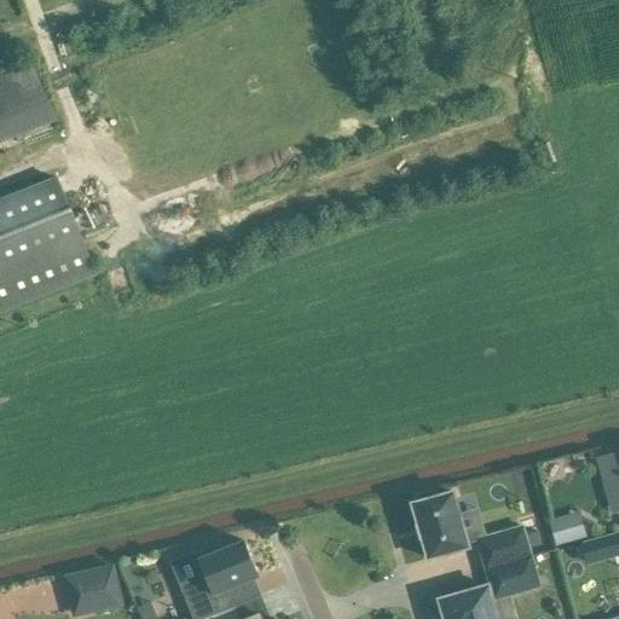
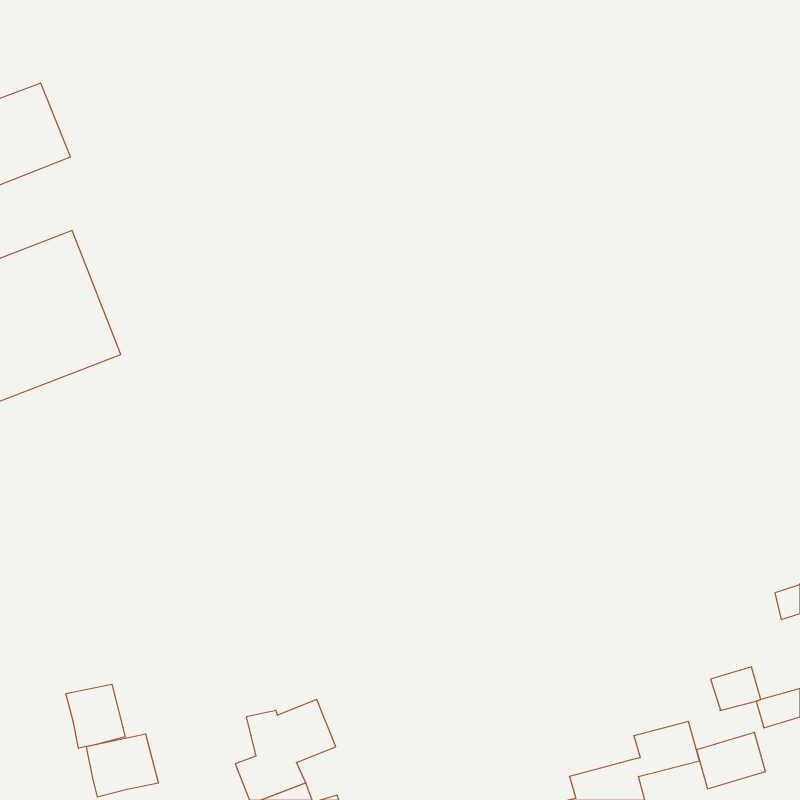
building: [412,490,469,557] -> none
building: [478,525,531,568] -> [697,732,766,789]
building: none -> [66,684,125,748]

